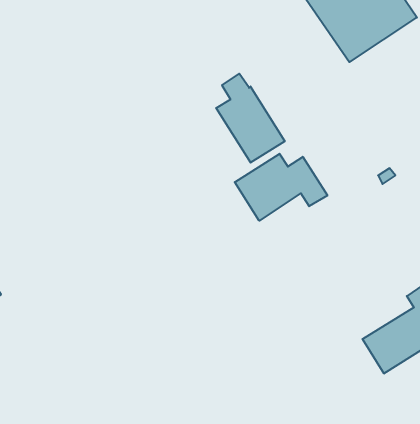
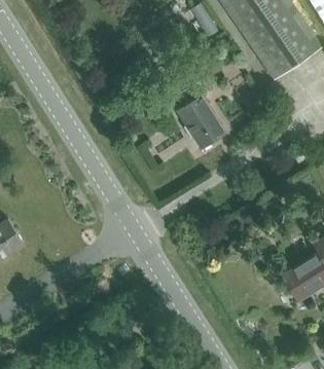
building: [235,154,327,221] -> none

